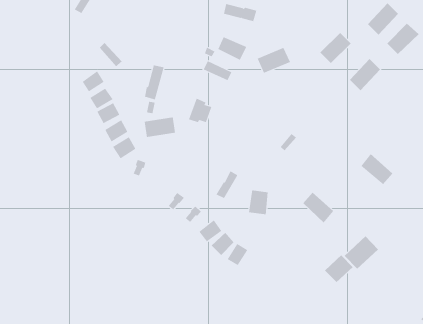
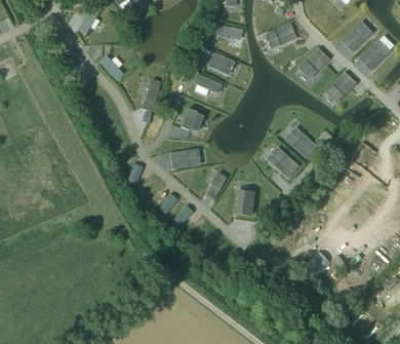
building: [257,47,291,73] -> [266,24,296,47]
building: [144,117,176,137] -> [170,149,199,167]
building: [360,153,393,185] -> [286,127,316,156]
building: [302,192,334,224] -> [269,148,297,177]
building: [344,236,379,270] -> none

